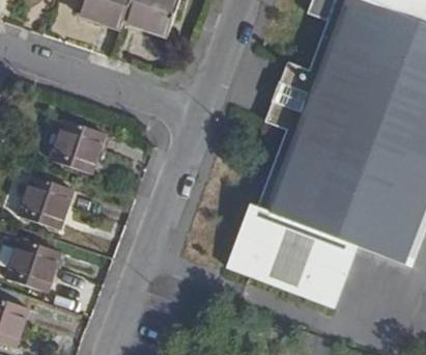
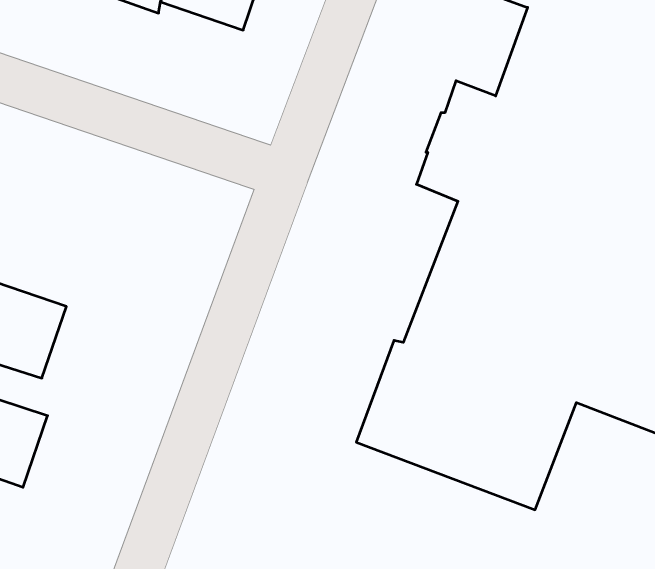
building: [54,119,108,174] -> none

